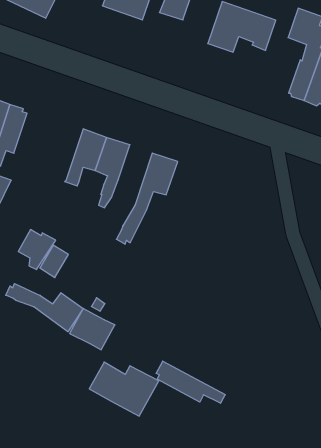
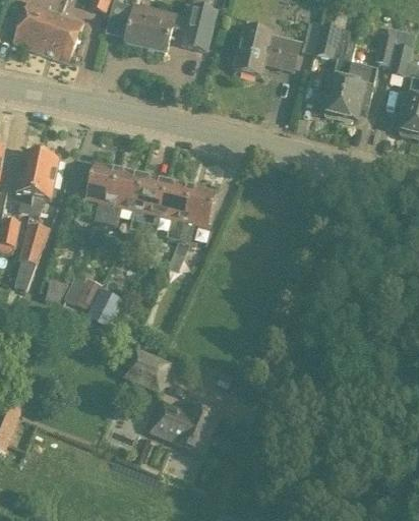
building: none -> [86,163,118,223]
building: none -> [154,179,190,262]
building: [6,284,83,332] -> none
building: [156,361,225,403] -> none

